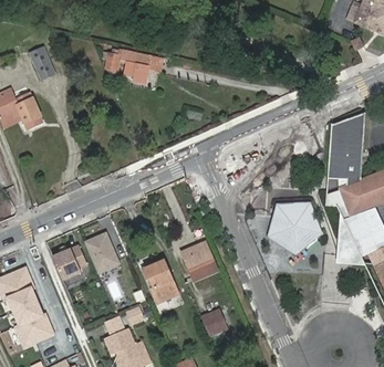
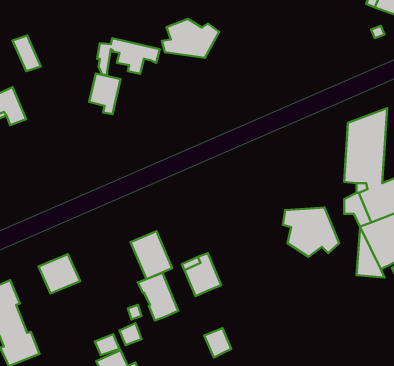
building: none -> [162,19,219,58]
building: none -> [89,73,120,114]
building: [267,217,313,255] -> none
building: [83,230,121,273] -> [131,231,172,279]

